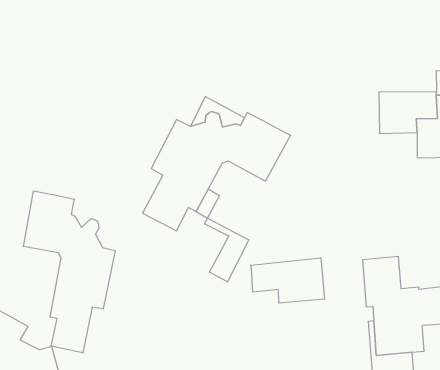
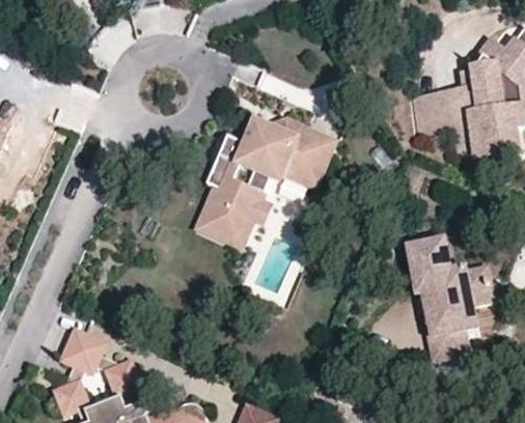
building: [23,191,115,353] -> none
building: [205,218,249,282] -> none
building: [251,258,325,303] -> none

